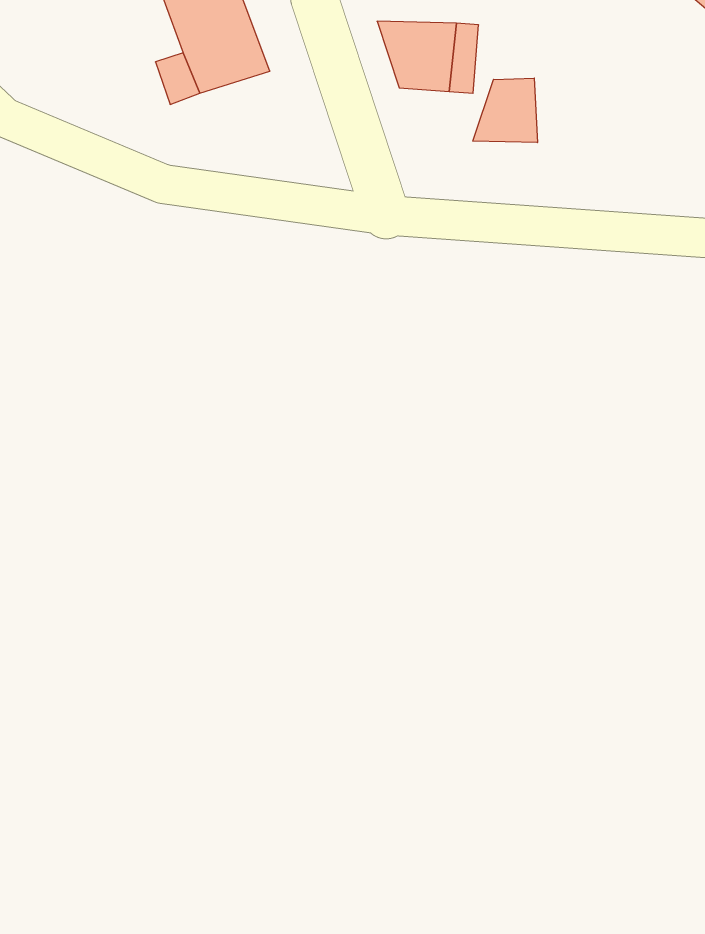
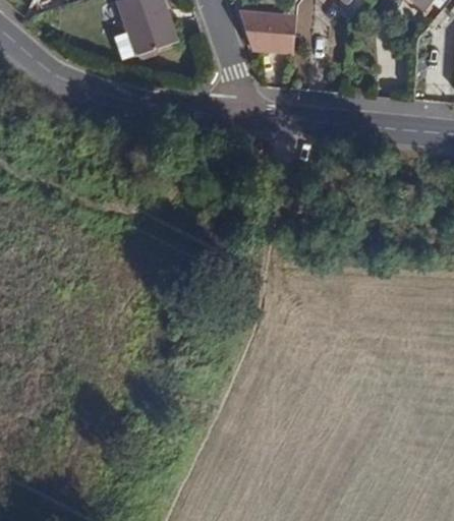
building: [473,78,537,143] -> none

